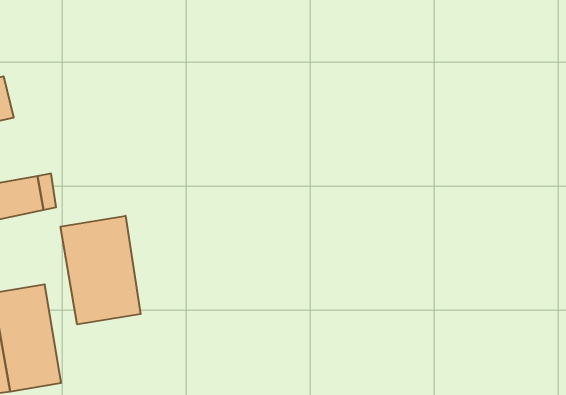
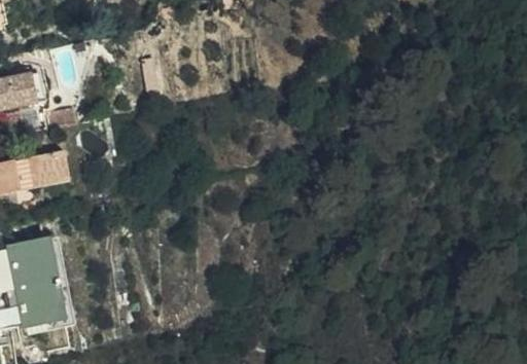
building: [61,216,141,324] -> none

